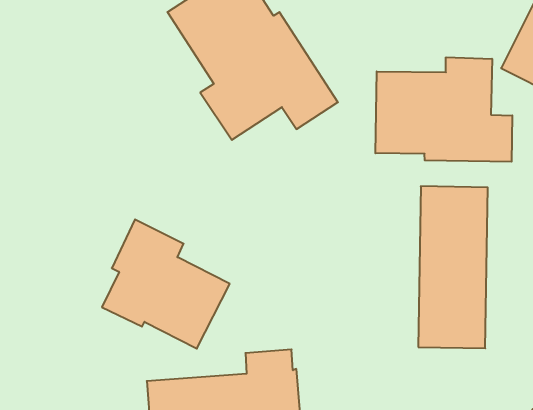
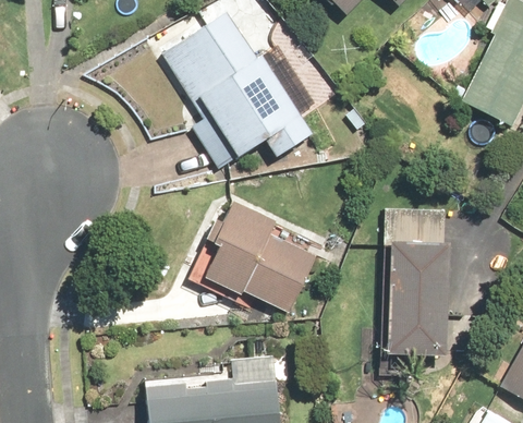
building: [375,57,512,162] -> none
building: [102,219,230,349] -> [203,197,317,313]

